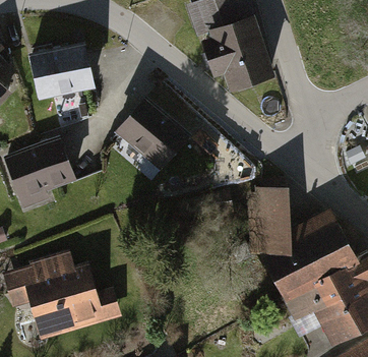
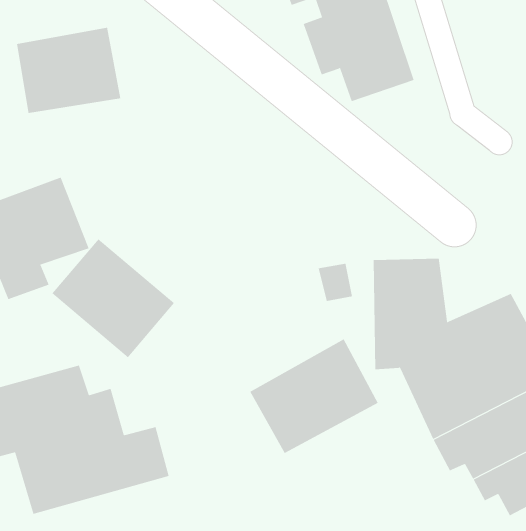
building: [114,99,189,172] -> [51,238,175,358]
building: none -> [249,338,378,454]

